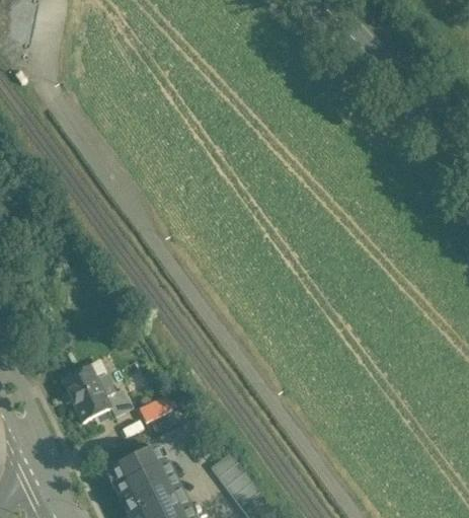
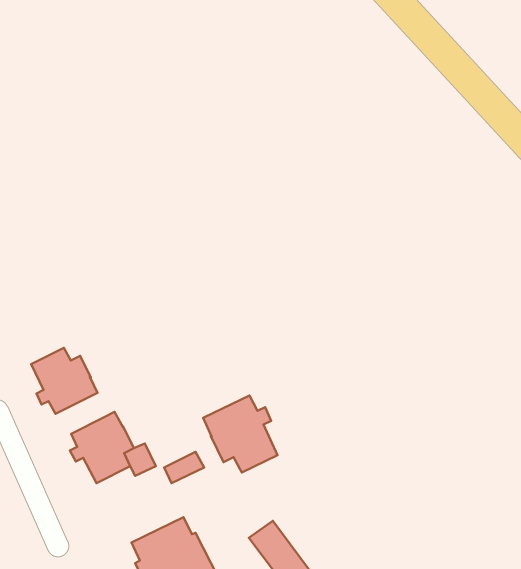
building: none -> [31,348,97,414]
building: none -> [203,395,278,473]

